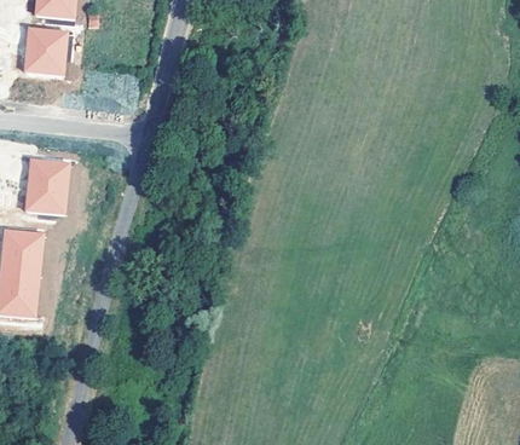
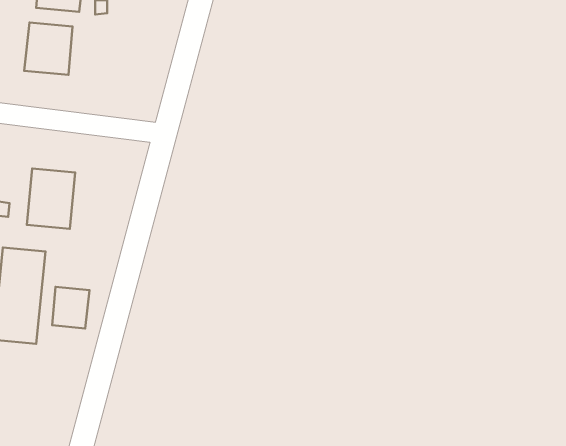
building: none -> [52,287,89,328]

